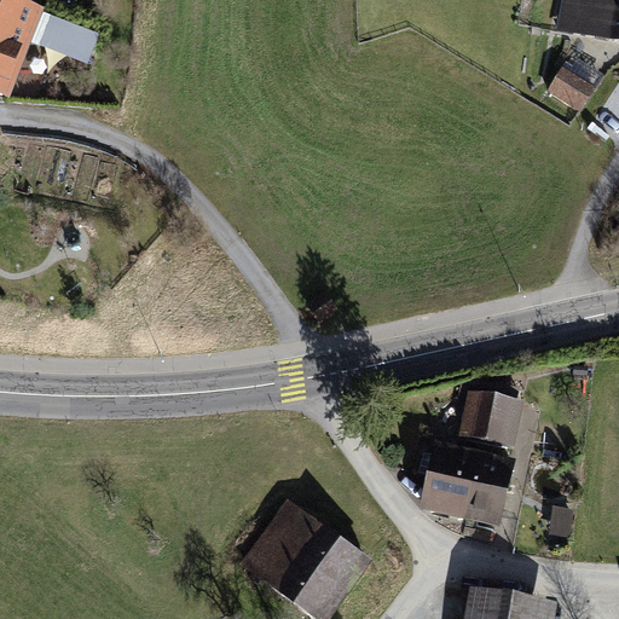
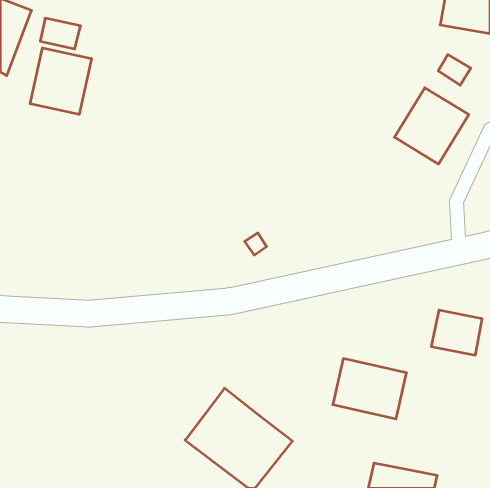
building: none -> [30,48,91,114]
building: none -> [394,88,469,164]
building: [458,392,522,449] -> [431,310,482,355]

